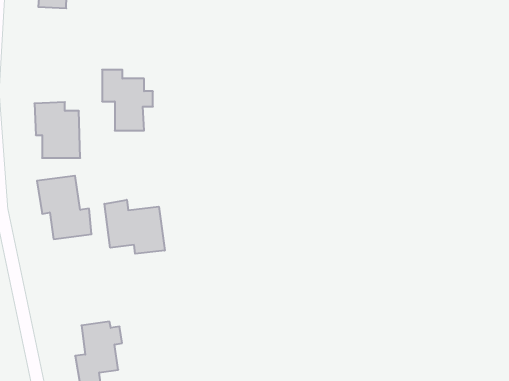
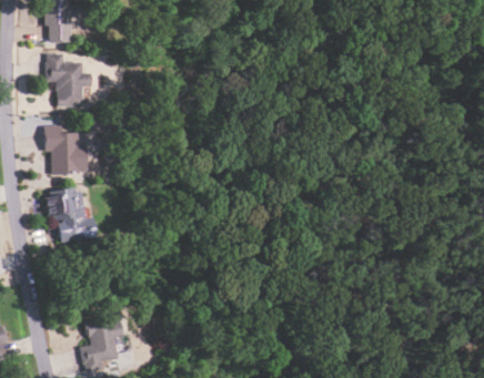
building: [102,70,153,131] -> [46,53,90,106]
building: [104,200,165,254] -> none

